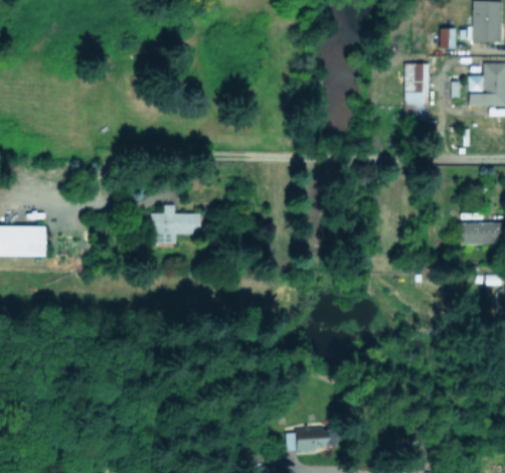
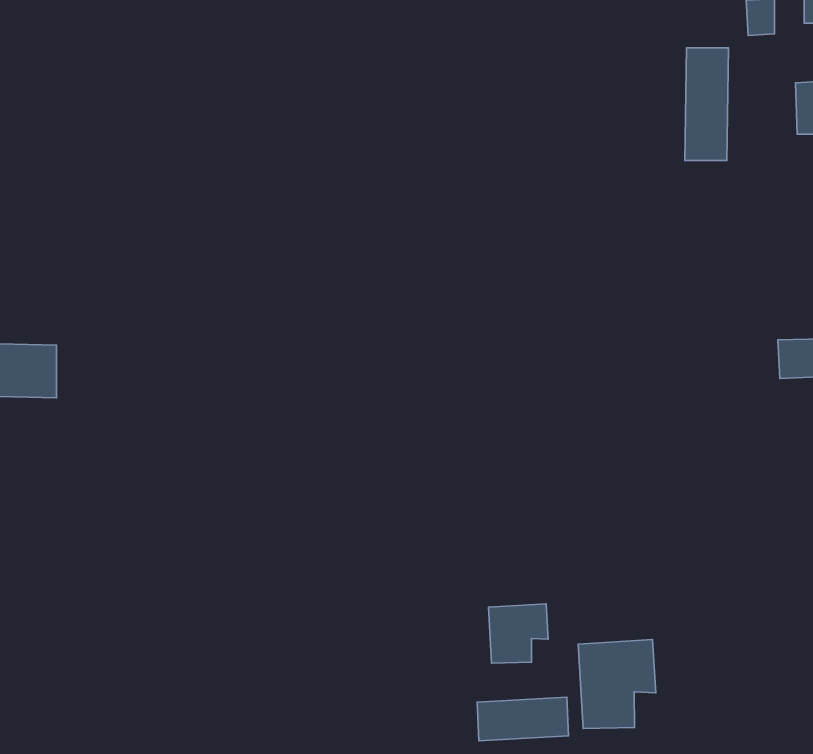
building: [151,205,200,247] -> none
building: none -> [488,604,548,663]
building: none -> [578,640,656,728]

